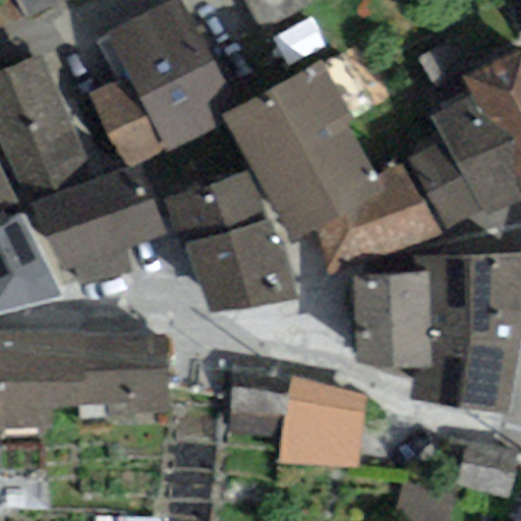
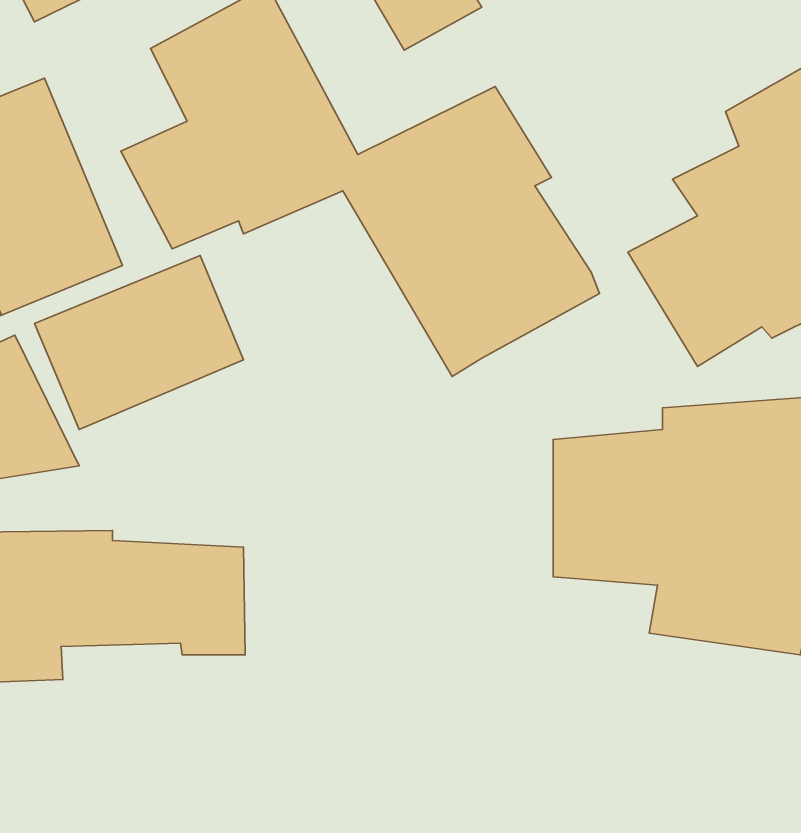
building: [311,162,444,273] -> none
building: [163,171,295,308] -> none
building: [227,386,366,471] -> none

